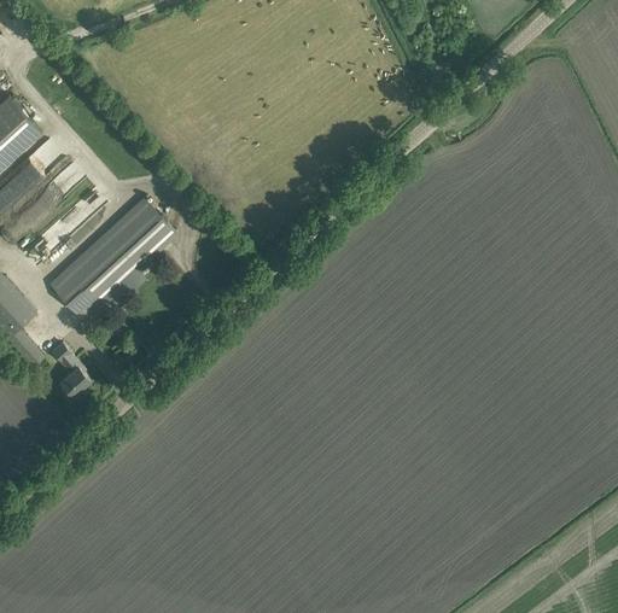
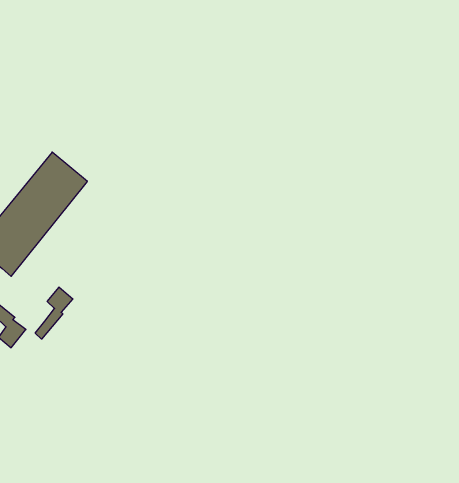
building: none -> [35,287,73,339]

